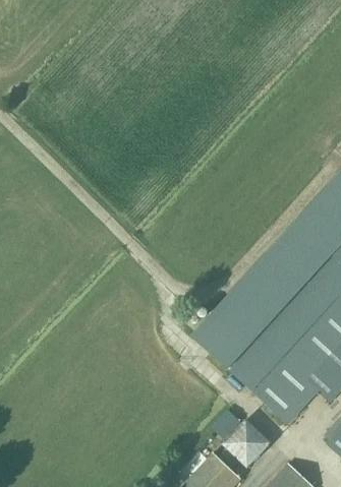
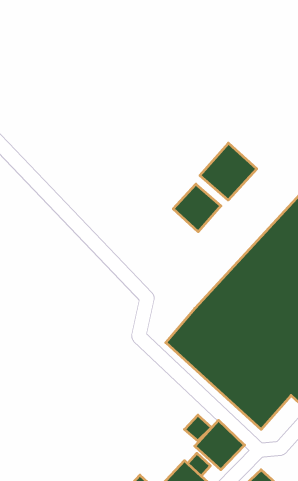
building: none -> [200,143,257,200]
building: none -> [173,184,221,232]

